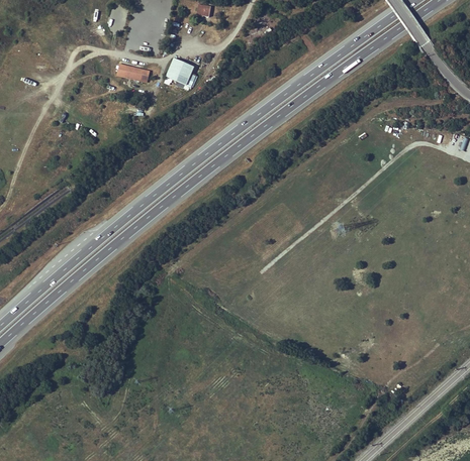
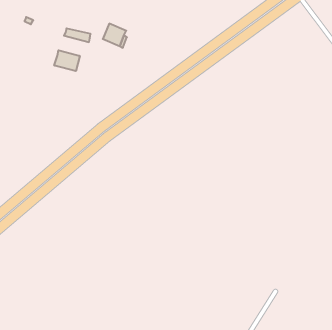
building: none -> [54,50,80,71]

